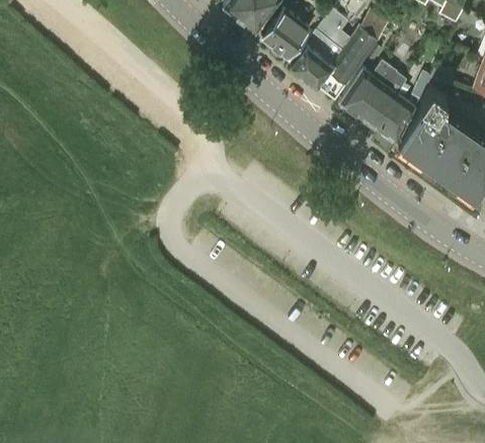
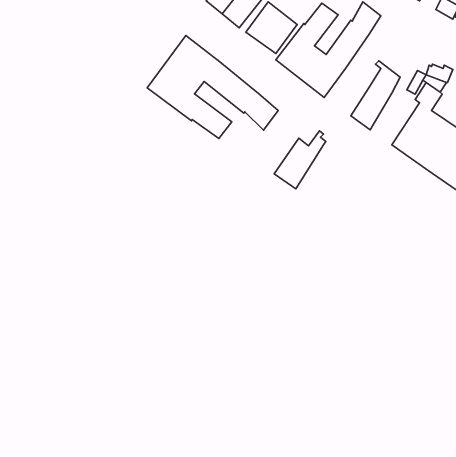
building: none -> [147,36,278,139]
building: [339,62,388,116] -> [274,131,326,189]
building: [378,95,415,144] -> none

